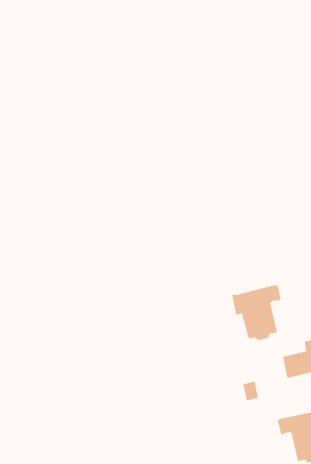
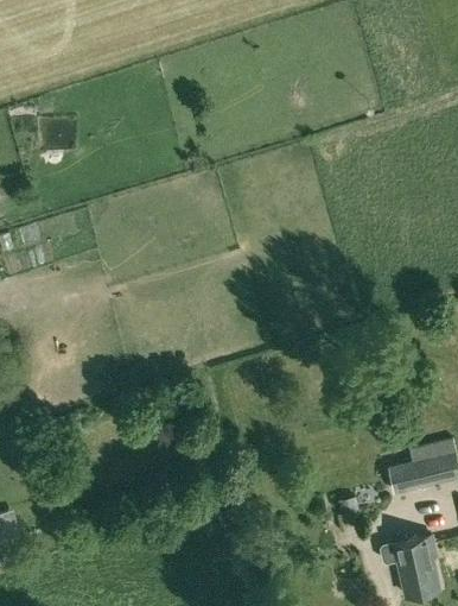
building: [231,284,281,341] -> none

